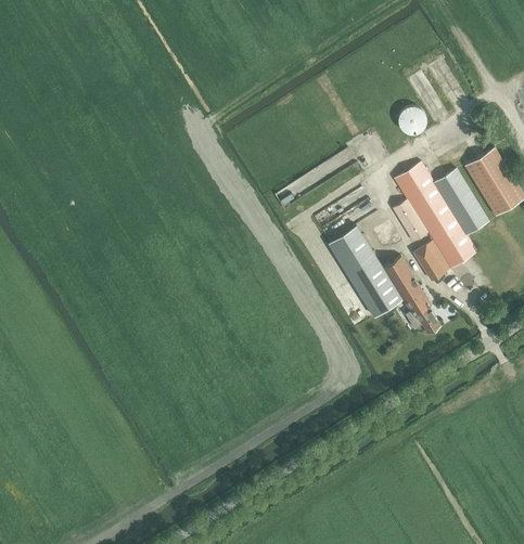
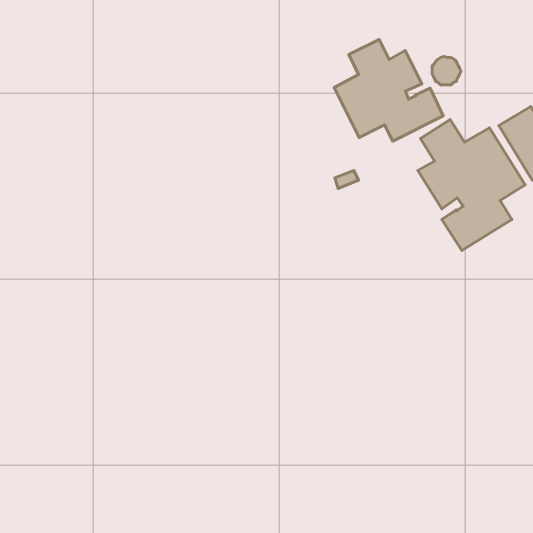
building: none -> [334,40,443,141]
building: [328,225,439,334] -> none

